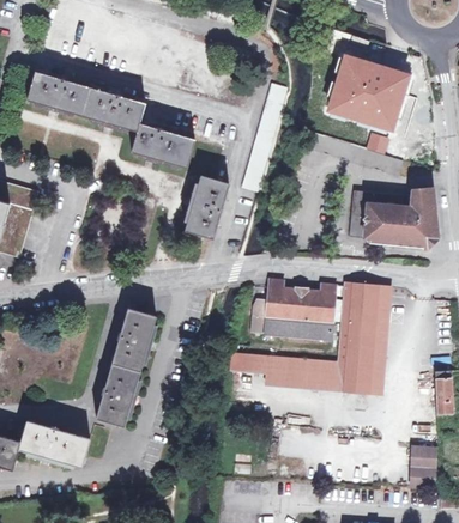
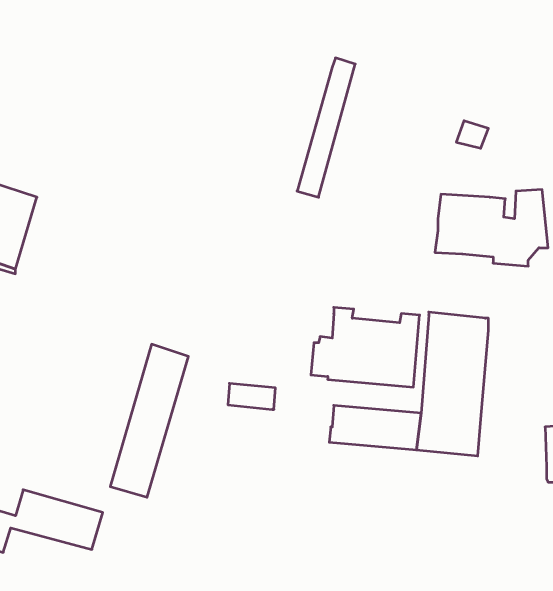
building: [325,54,412,133] -> none
building: [29,72,195,168] -> none
building: [185,176,230,238] -> none
building: [232,352,270,372] -> [228,383,275,409]
building: [411,448,436,489] -> none

